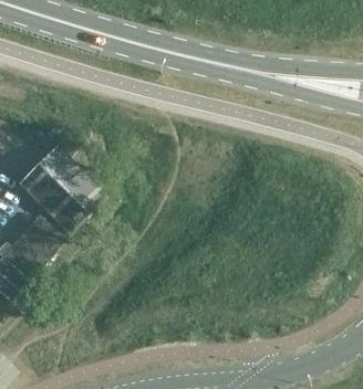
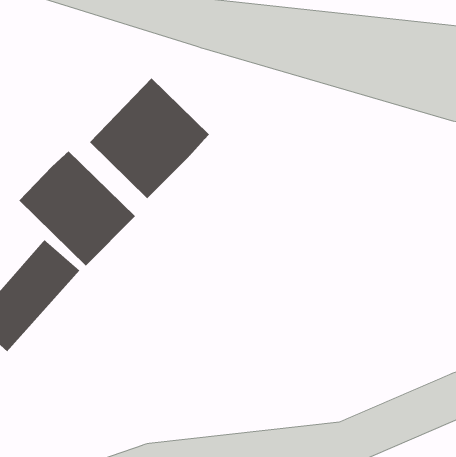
building: none -> [89,78,210,199]

